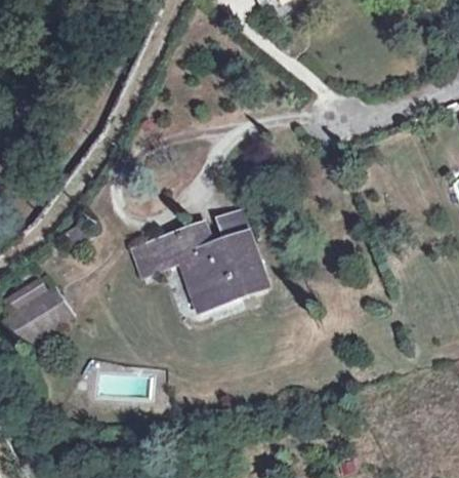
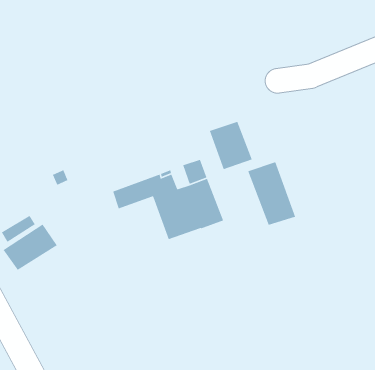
building: none -> [209,121,253,170]
building: none -> [247,161,296,226]

